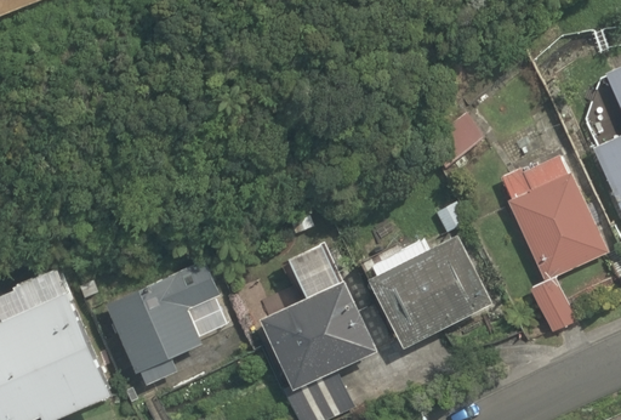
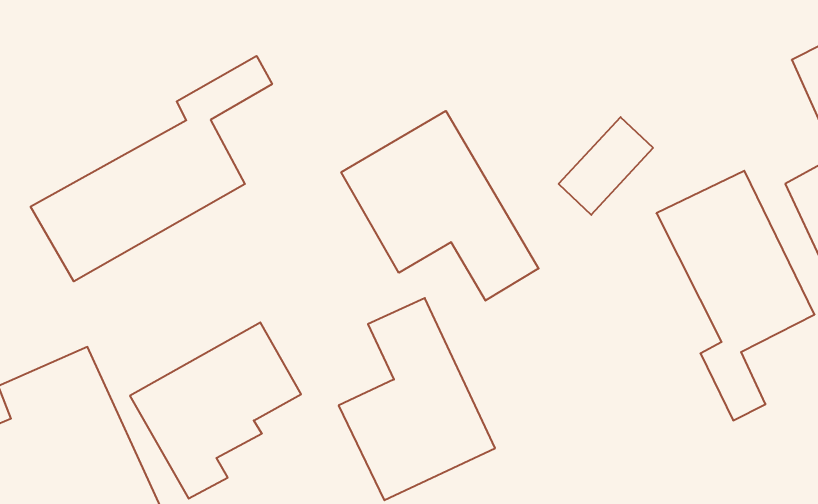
building: none -> [31,56,272,281]
building: none -> [341,111,539,301]
building: [359,232,491,354] -> none

